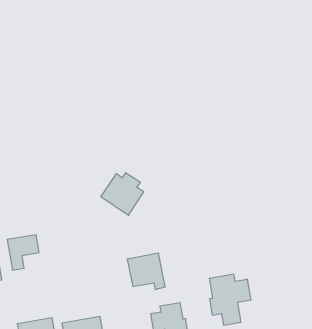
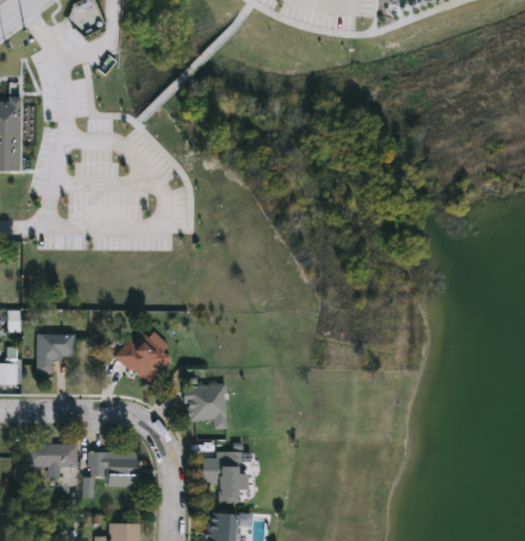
building: [101,173,144,215] -> [116,330,171,385]
building: [209,274,251,325] -> none

